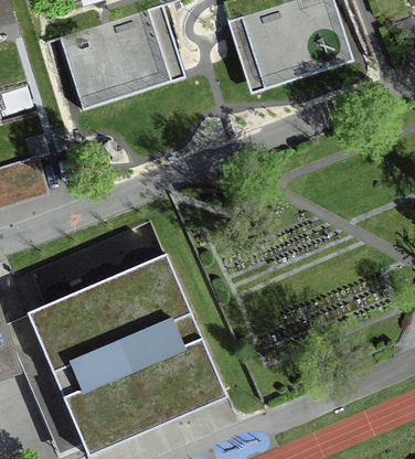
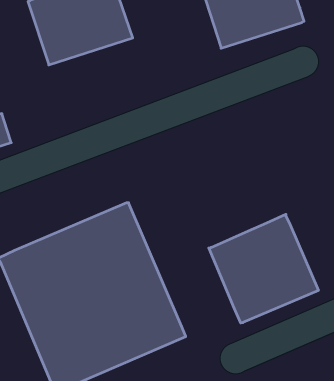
building: none -> [209,214,318,323]

